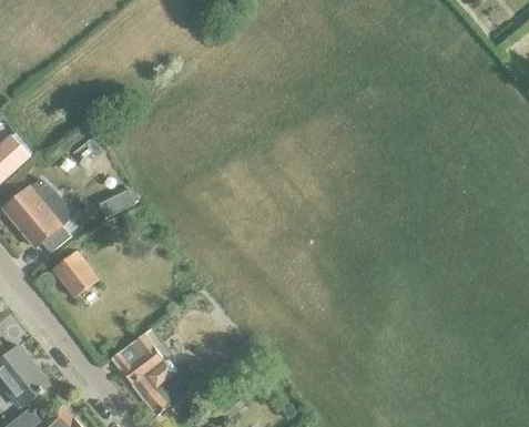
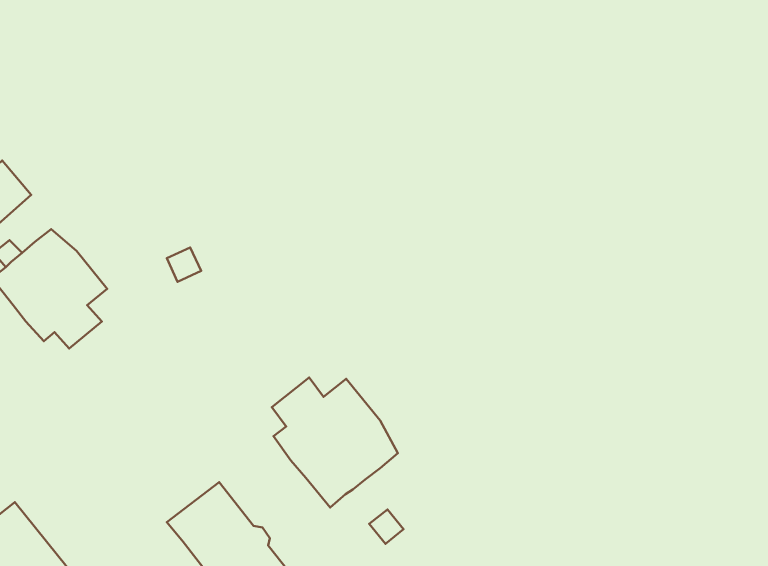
building: [51,251,98,298] -> none
building: none -> [272,377,398,507]

